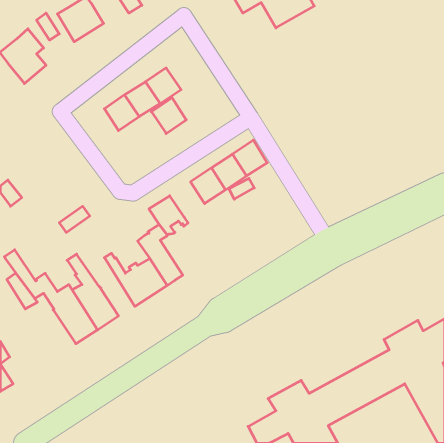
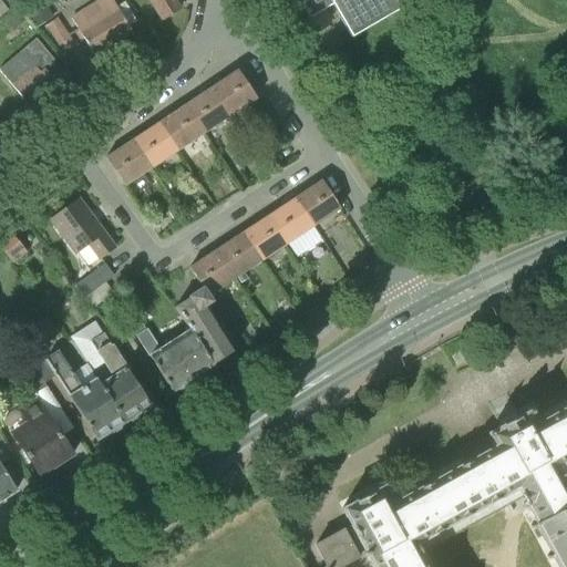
building: [151,98,186,134] -> [213,69,257,114]
building: none -> [106,138,152,184]
building: none -> [52,197,116,257]
building: none -> [217,231,261,277]
building: none -> [12,396,73,474]

